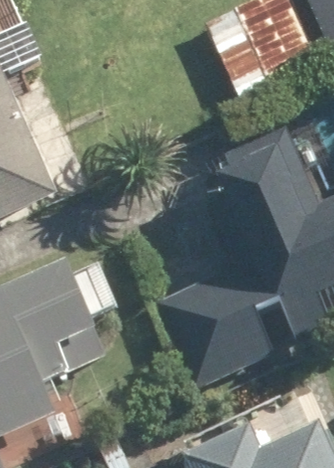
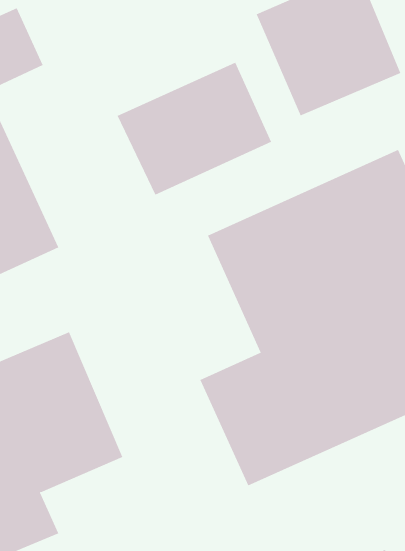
building: none -> [117,62,272,195]

